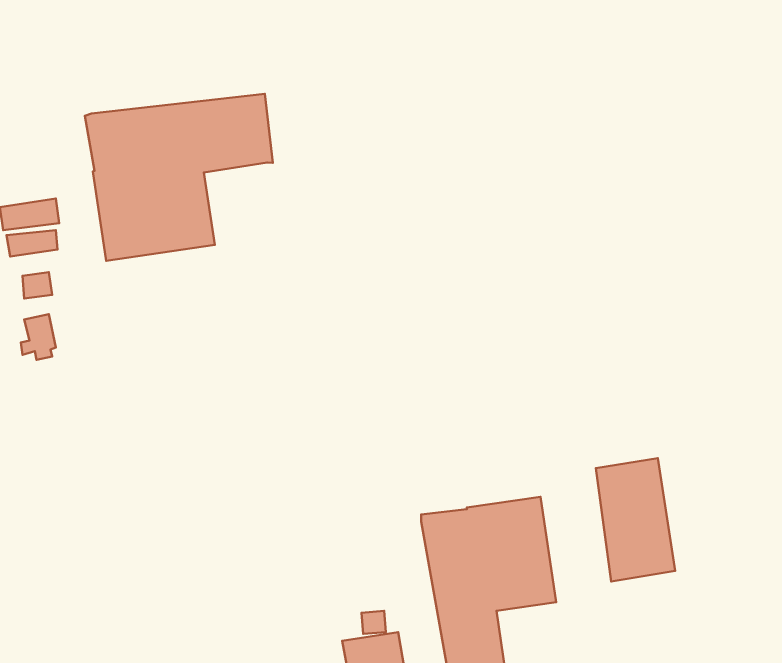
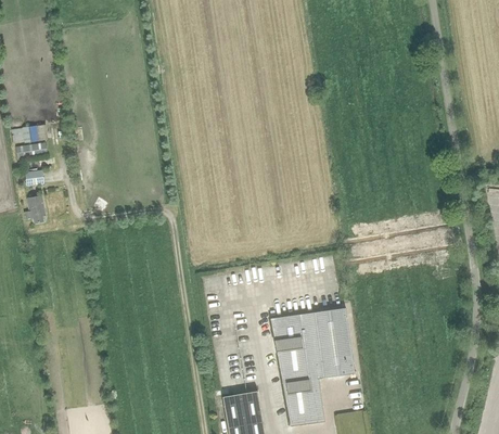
building: [85,94,273,261] -> none
building: [596,458,675,582] -> none

